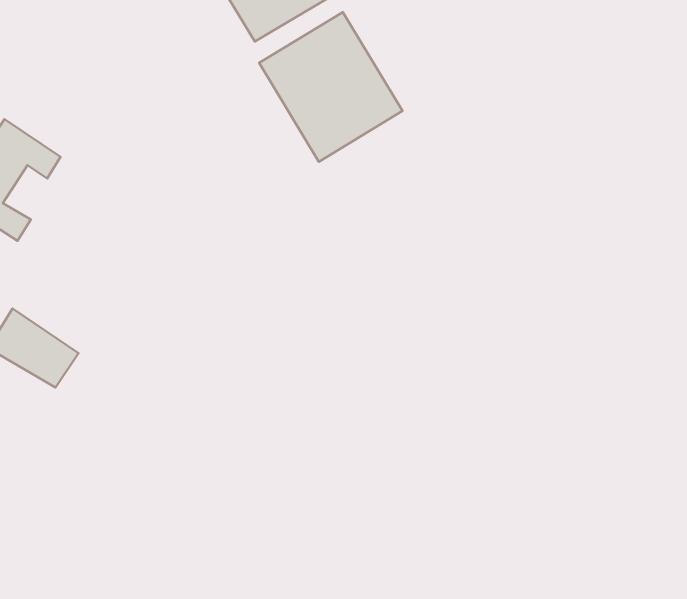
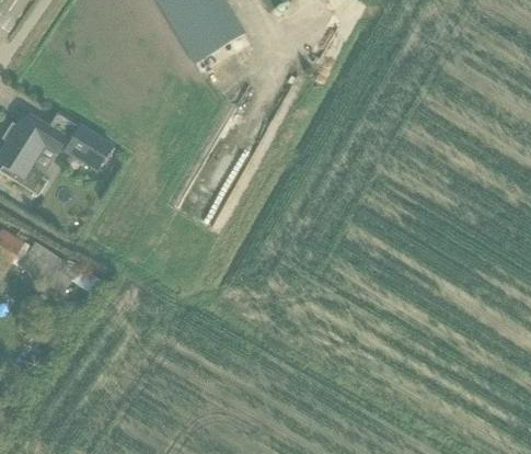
building: [259,12,402,162] -> none
building: none -> [64,124,111,170]

